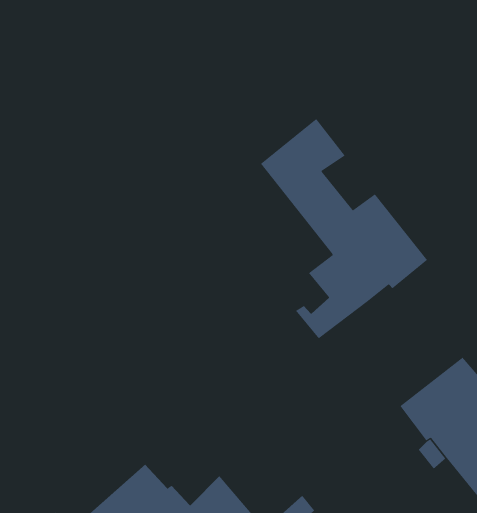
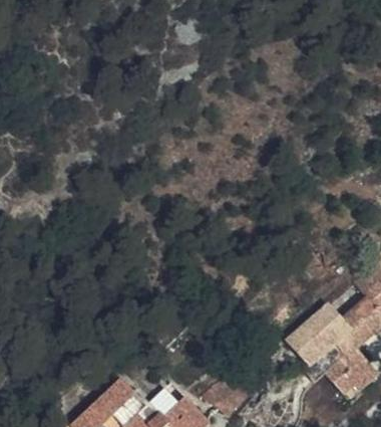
building: [260,118,428,339] -> none

